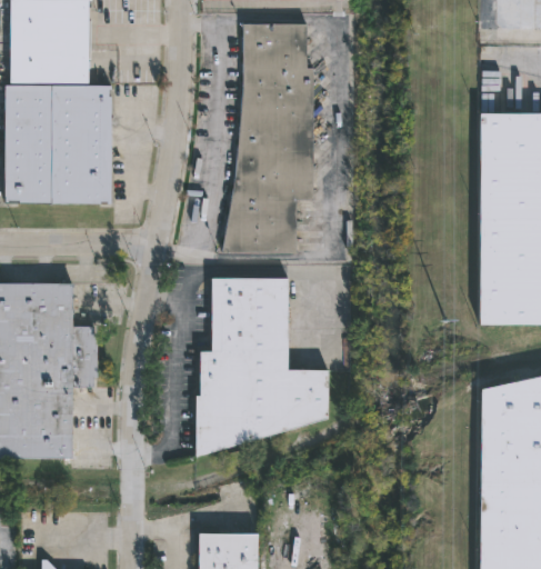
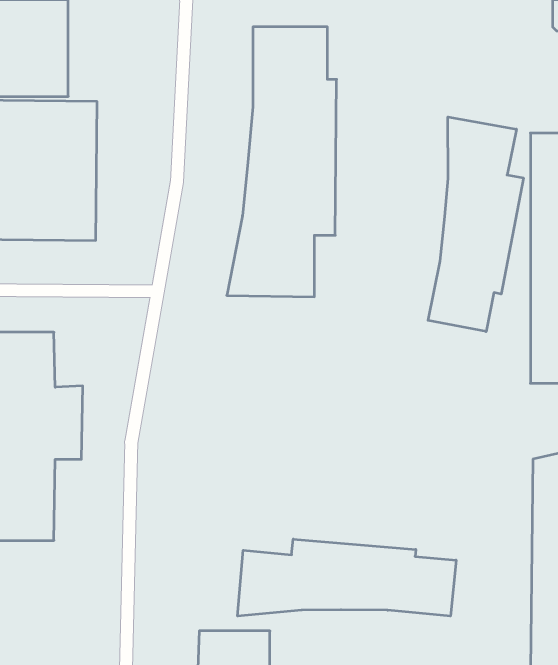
building: none -> [428,117,523,332]
building: [194,279,328,458] -> none
building: none -> [238,539,456,616]

